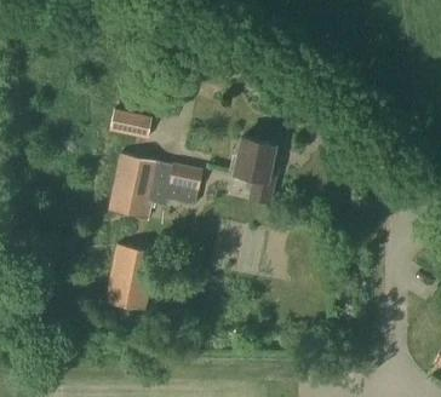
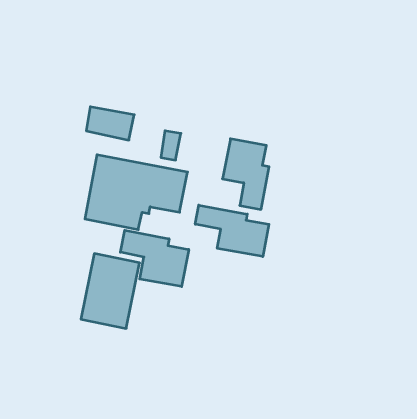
building: none -> [195,205,269,257]
building: none -> [120,230,189,287]

